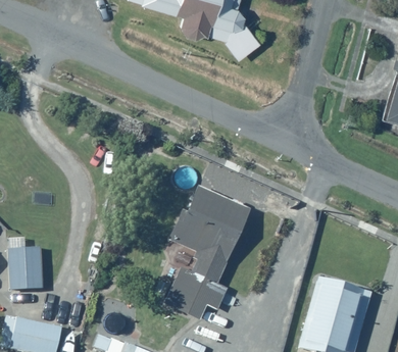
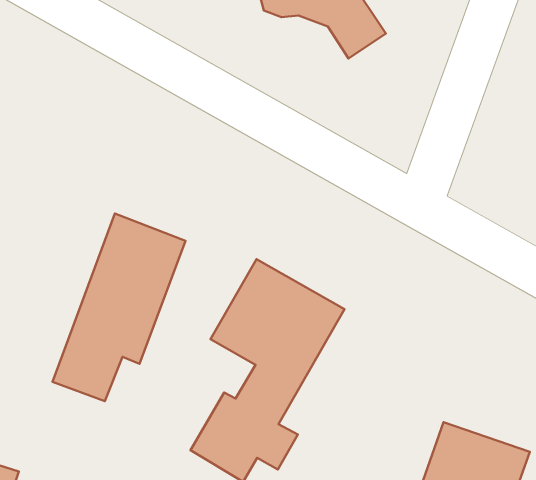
building: none -> [52,214,185,401]

